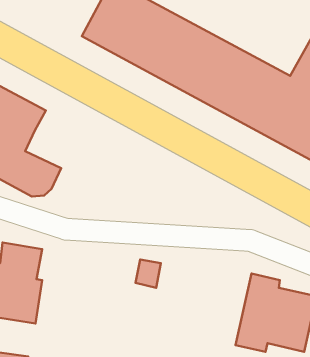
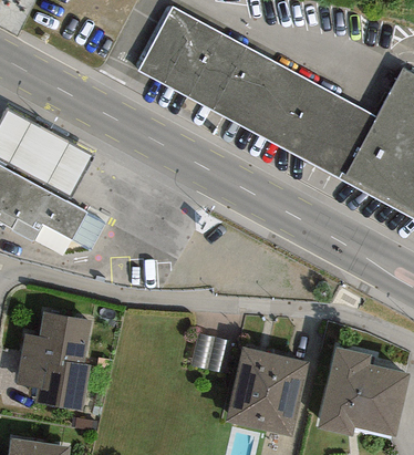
building: none -> [228,347,312,437]

